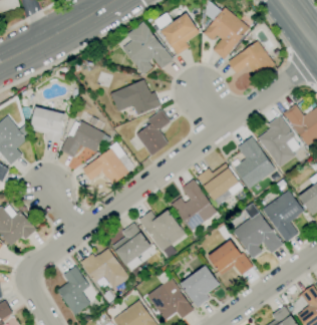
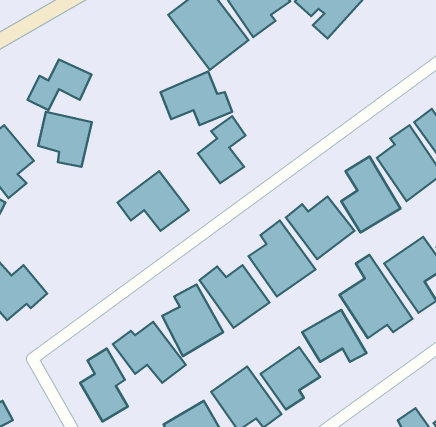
building: [228,40,277,87] -> none
building: [60,123,103,157] -> [28,59,92,110]

